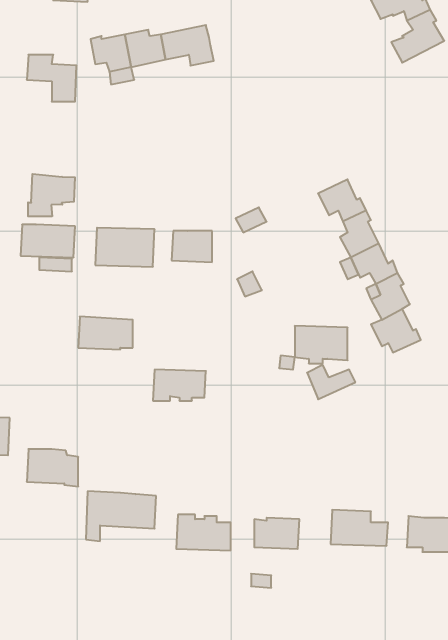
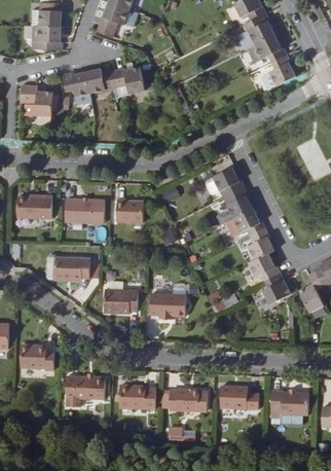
building: [28,174,75,216] -> none
building: [295,326,348,363] -> [150,293,185,318]
building: none -> [261,273,291,304]

